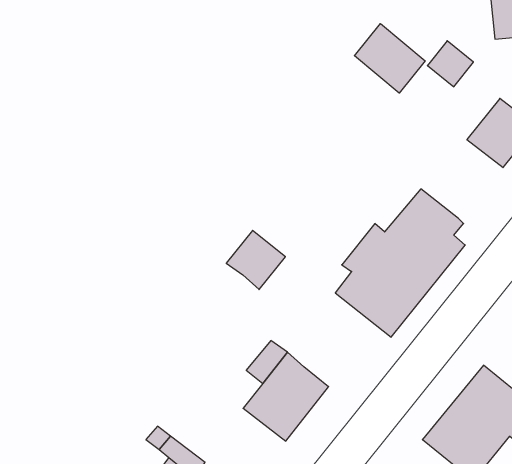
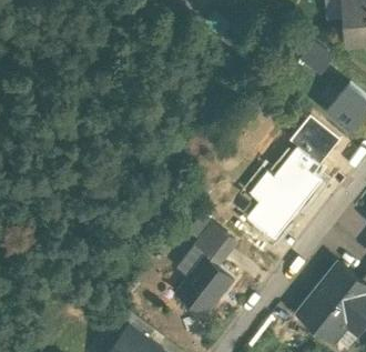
building: [354,24,425,93] -> none
building: none -> [294,118,343,165]
building: [226,230,285,290] -> [196,225,236,265]

